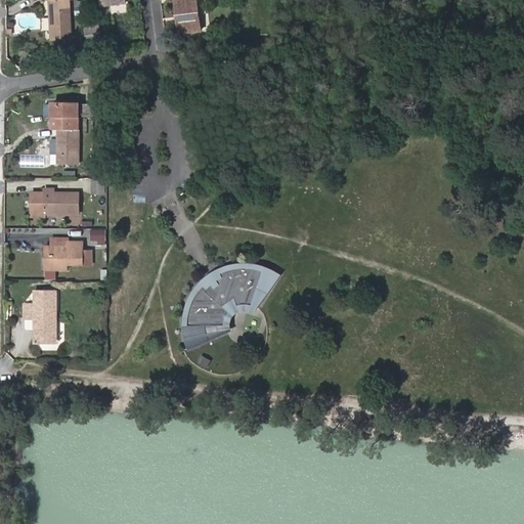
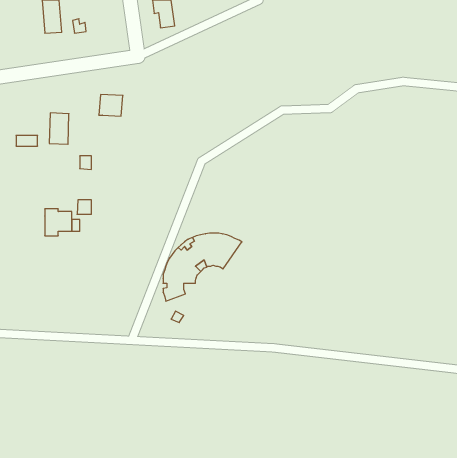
building: [53,105,81,130] -> [99,95,123,116]
building: [31,188,78,215] -> none
building: [23,290,55,343] -> none

